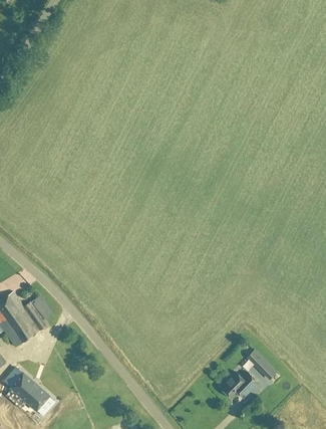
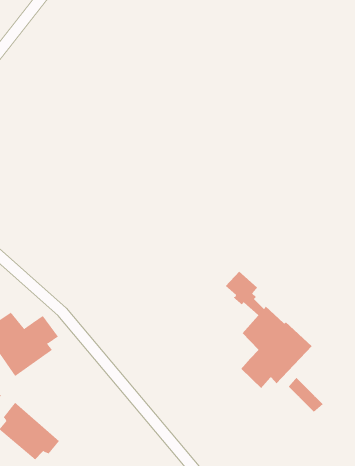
building: none -> [225,271,313,389]
building: [221,371,258,398] -> none

